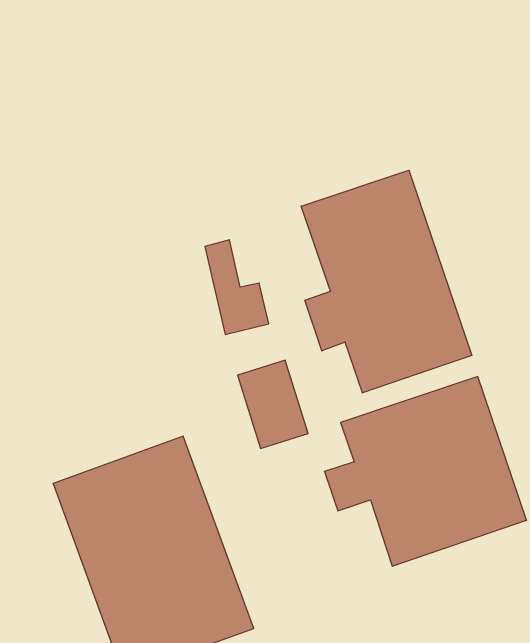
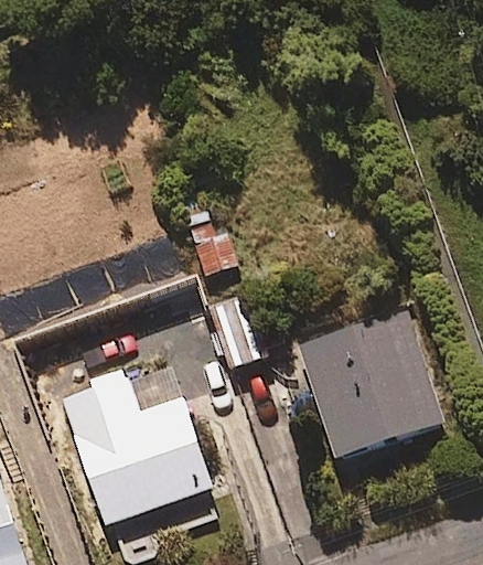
building: [301,170,472,393] -> none

